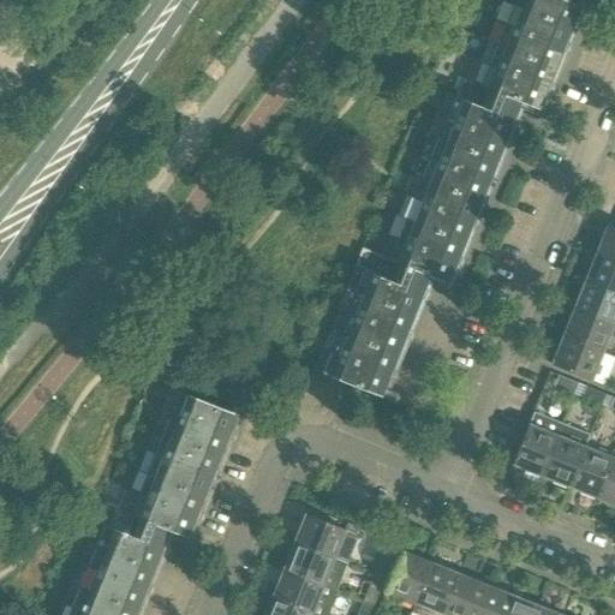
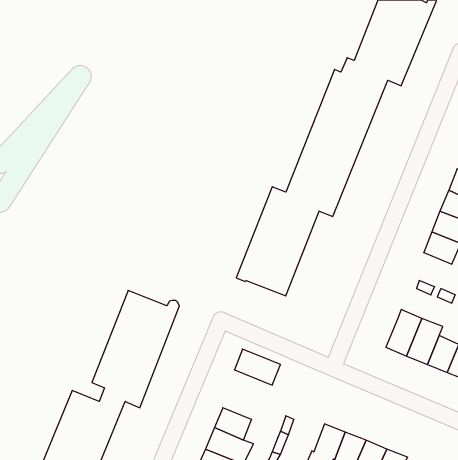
building: [557,338,605,382] -> none
building: [300,517,362,565] -> [234,349,280,385]
building: [393,554,436,603] -> none

